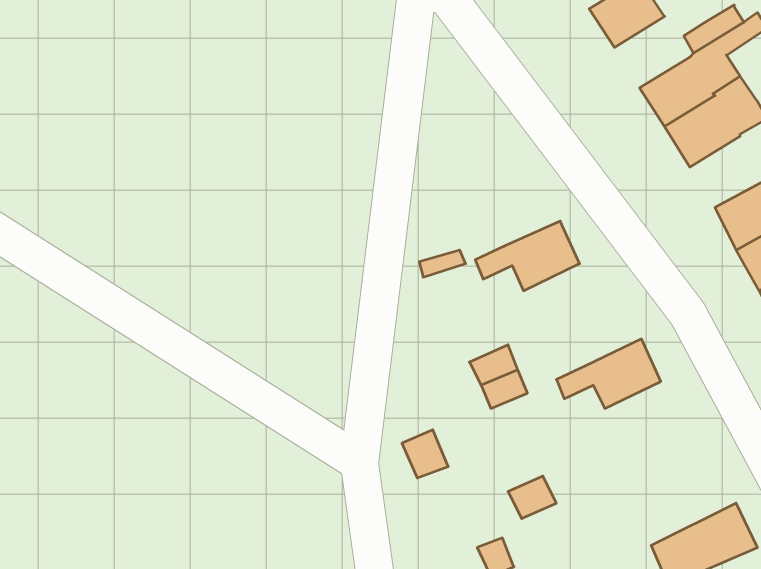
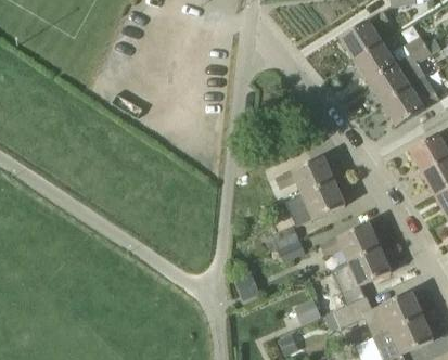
building: none -> [354,41,396,81]
building: none -> [292,180,345,226]
building: none -> [337,246,392,293]
building: none -> [333,291,422,338]

